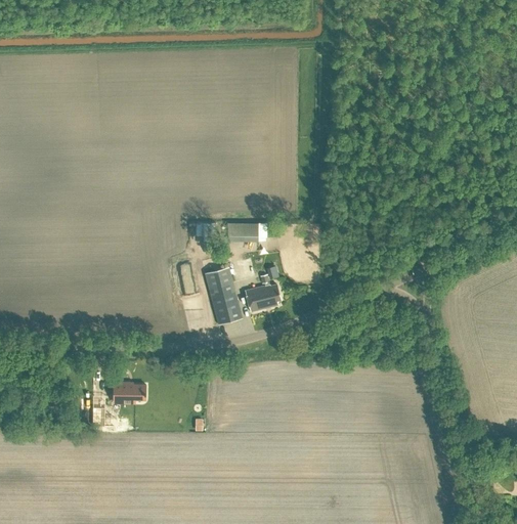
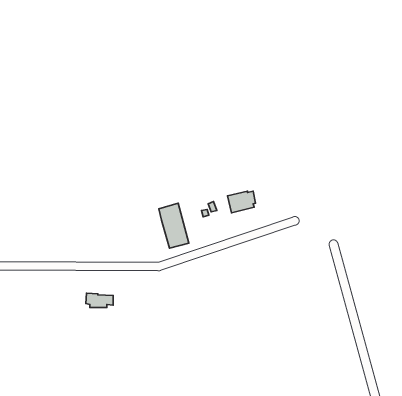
building: [227,222,258,239] -> none
building: [245,286,281,313] -> [227,191,256,213]

